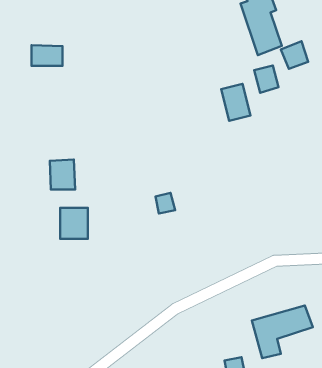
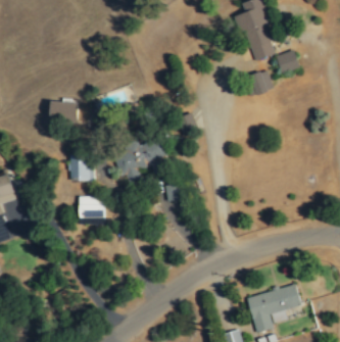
building: [31,45,62,66] -> [50,102,78,120]
building: [221,84,250,121] -> none
building: none -> [114,141,166,184]

